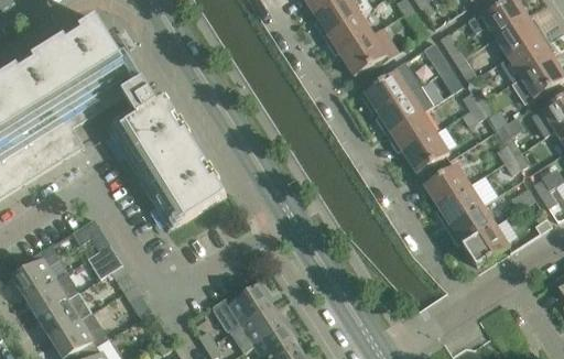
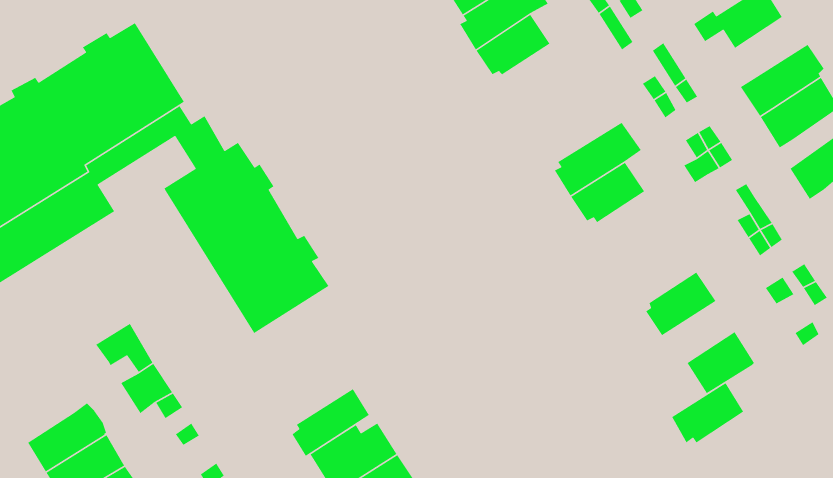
building: [495,15,543,56] -> none
building: [340,29,395,75] -> none
building: [359,63,420,111] -> none
building: [403,126,456,173] -> none
building: [423,163,469,205] -> none
building: [446,204,495,244] -> [671,382,744,444]
building: [12,243,59,297] -> none
building: none -> [292,388,370,457]

